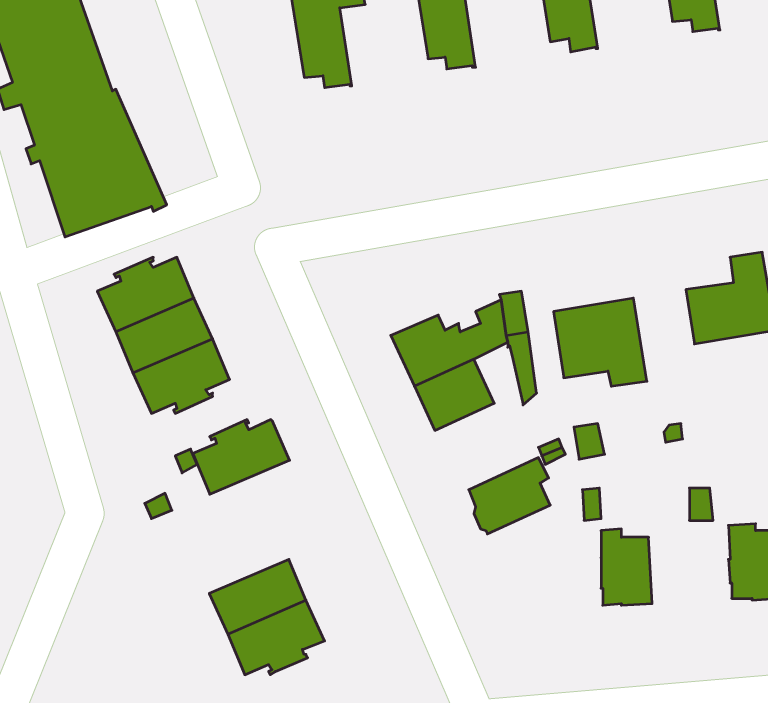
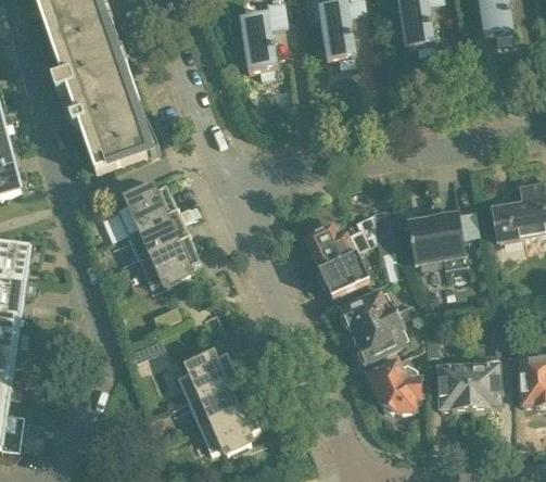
building: none -> [339,289,397,334]
building: [193,420,290,494] -> [176,353,238,401]
building: none -> [366,358,421,410]
building: none -> [468,358,500,407]

